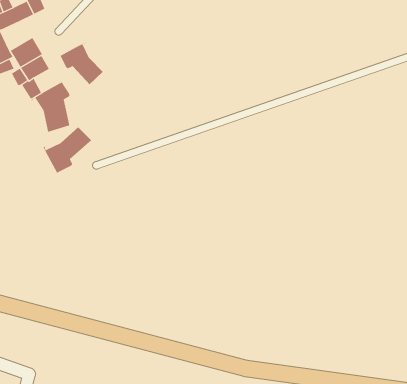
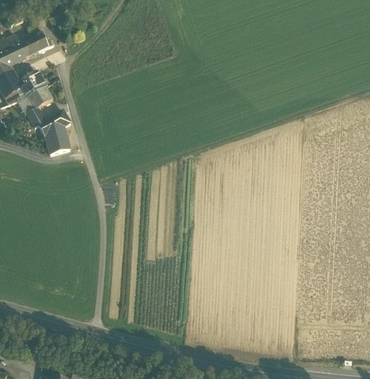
building: [60,42,103,85] -> none
building: [43,127,92,173] -> none

